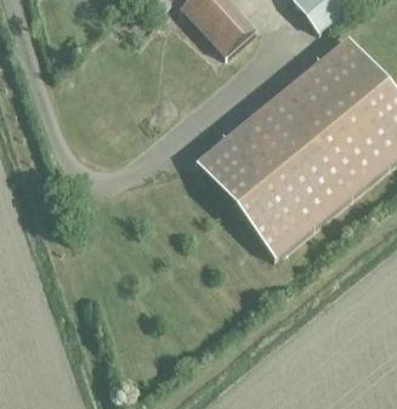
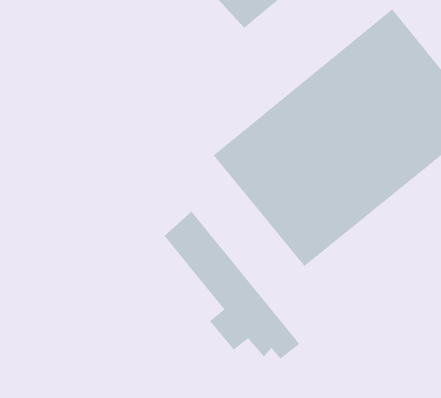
building: none -> [164,211,300,359]

